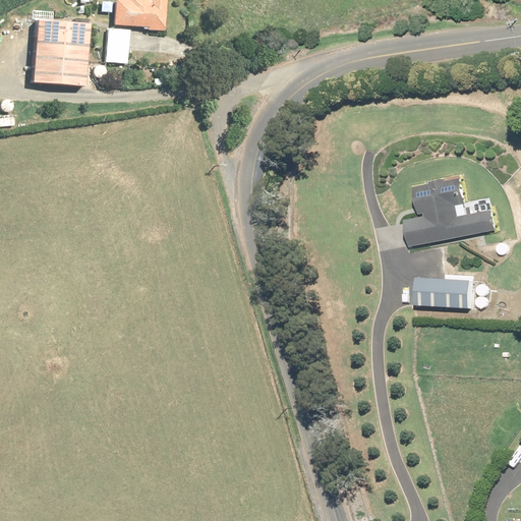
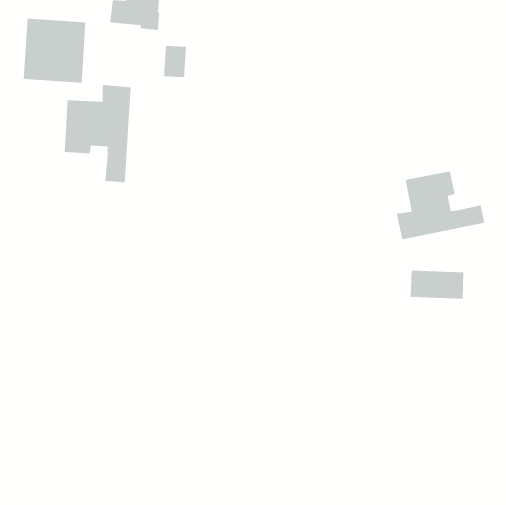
building: [105,28,129,62] -> [163,45,187,78]
building: none -> [64,84,131,183]

